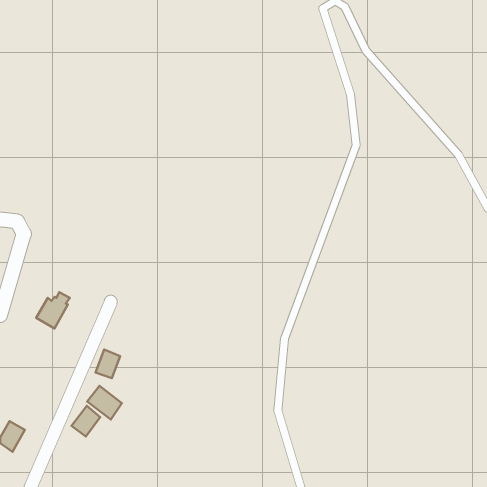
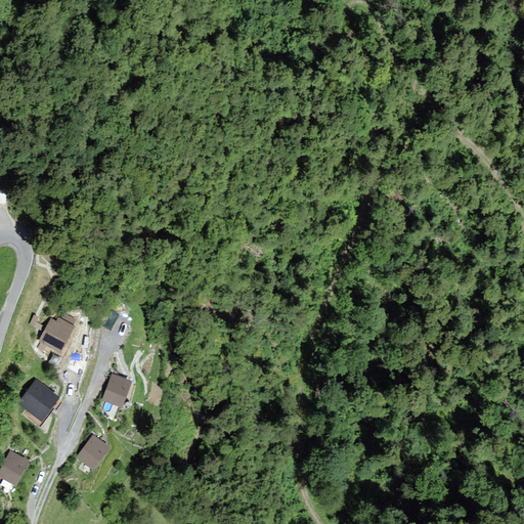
building: none -> [20,382,57,419]
building: [87,386,122,419] -> none

